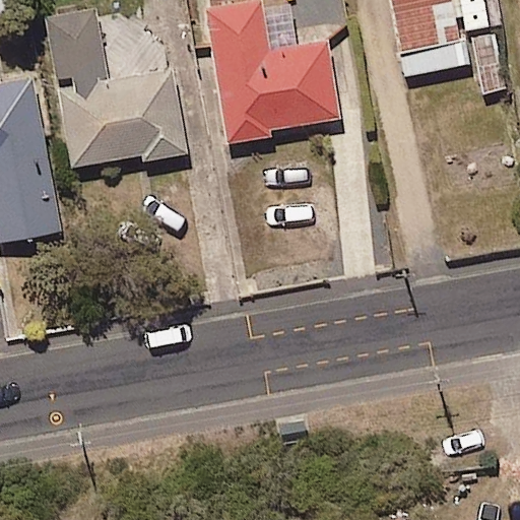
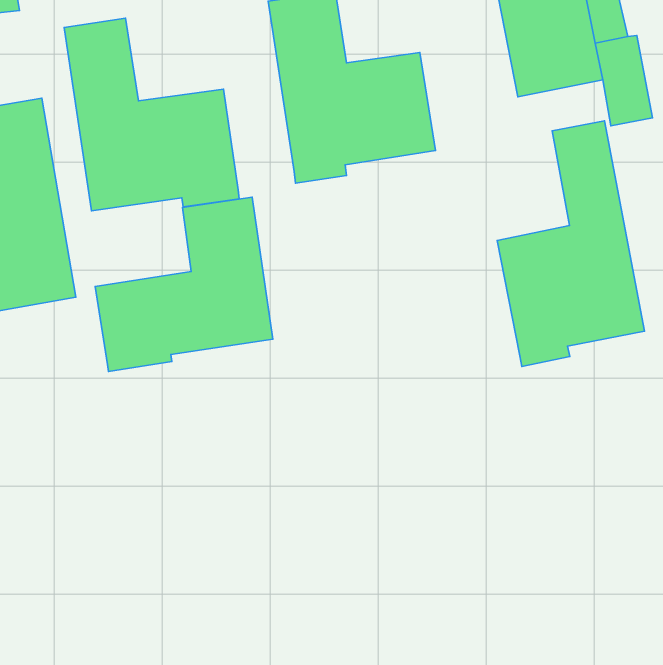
building: none -> [497,121,645,366]
building: none -> [95,197,273,371]

